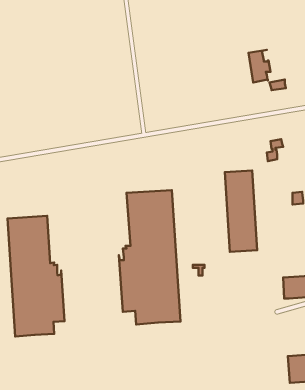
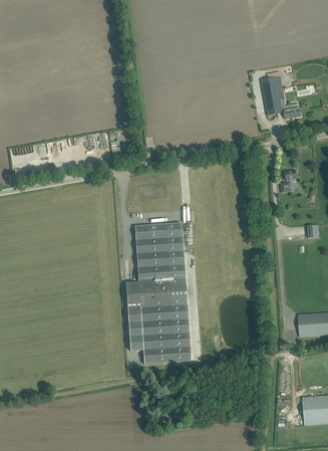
building: [225,170,257,252] -> none
building: [8,216,65,336] -> none

